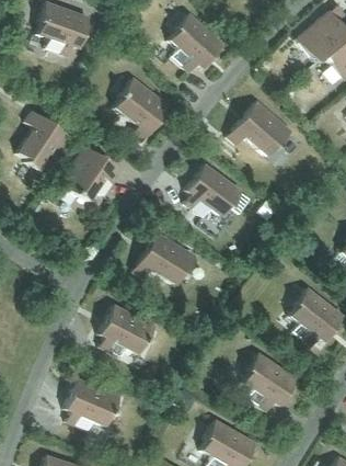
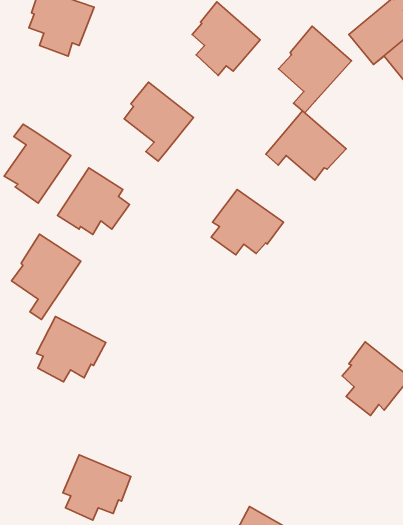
building: none -> [278,26,352,113]
building: none -> [12,234,81,319]
building: [134,230,196,284] -> none
building: [99,304,154,356] -> [36,317,106,382]
building: [242,352,297,410] -> none

